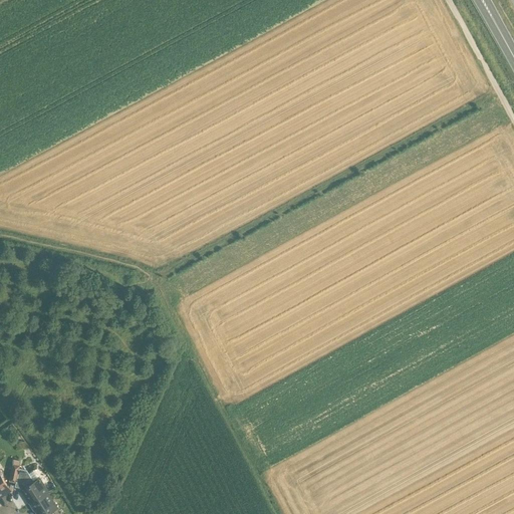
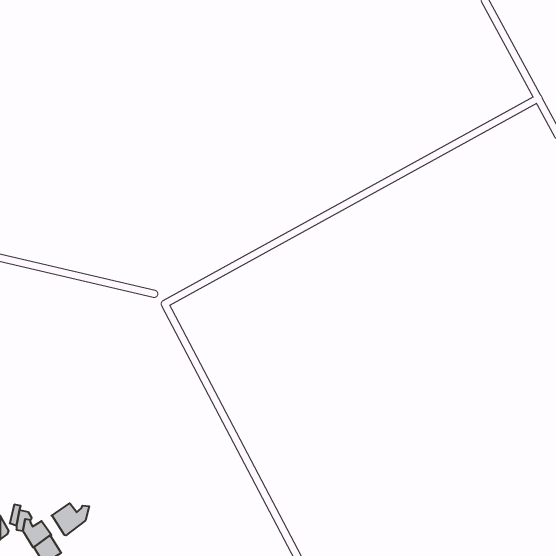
building: none -> [51,503,89,535]

